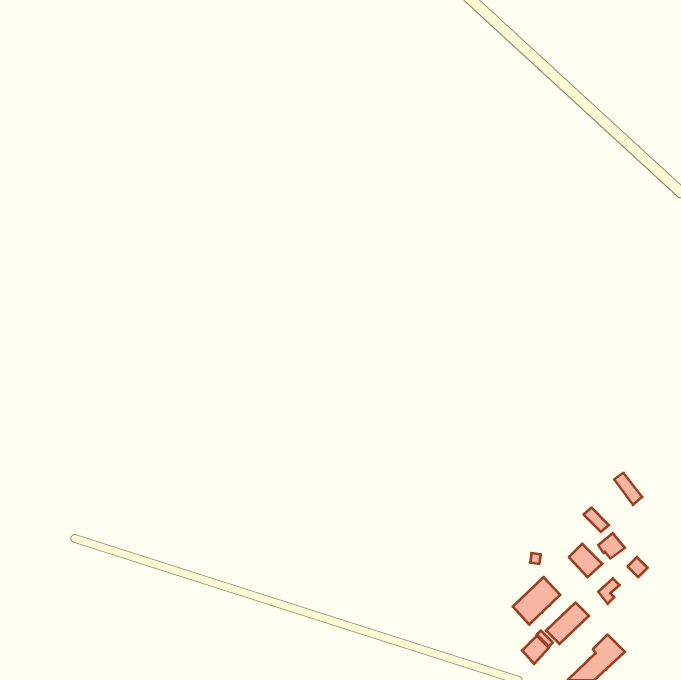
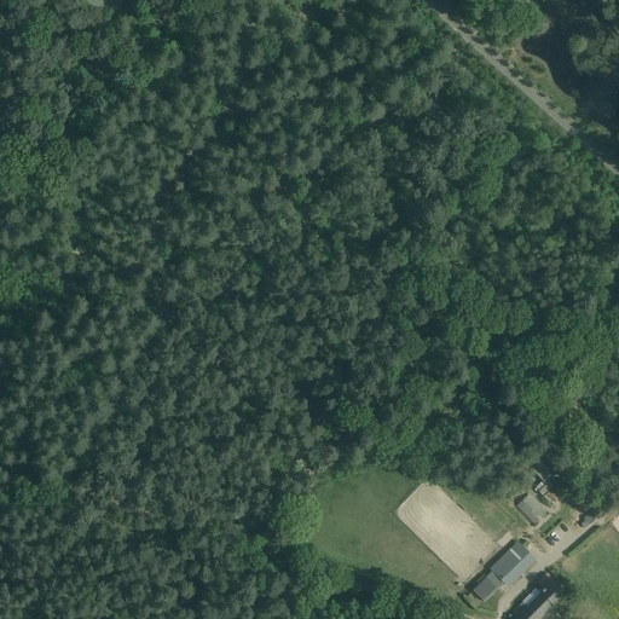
building: [513,577,560,625] -> none

